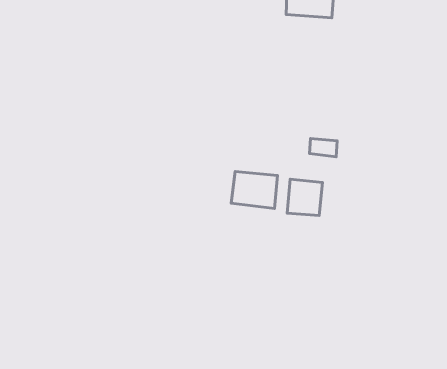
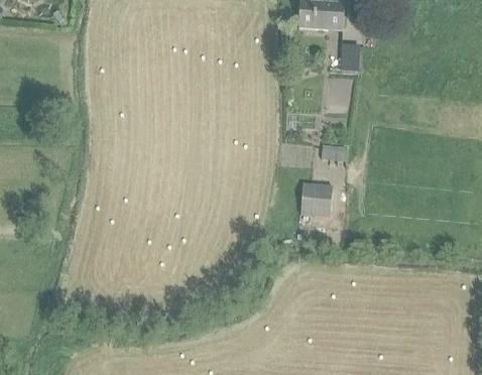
building: none -> [340,43,360,71]
building: [231,172,278,208] -> none

